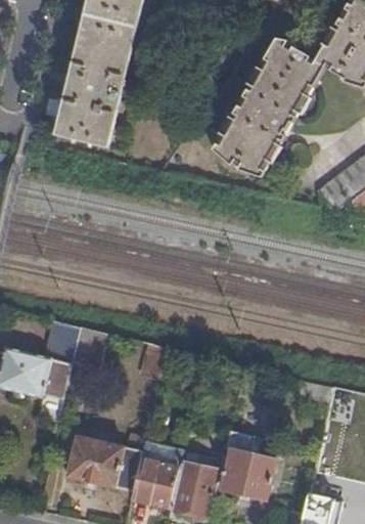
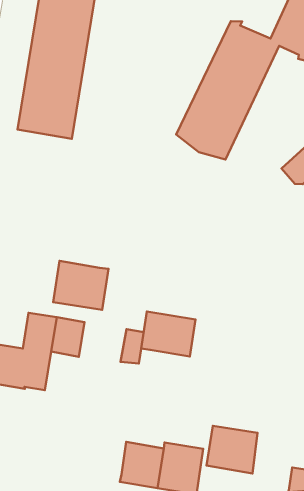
building: none -> [53,261,108,310]
building: none -> [141,312,195,357]
building: [66,435,143,491] -> none

